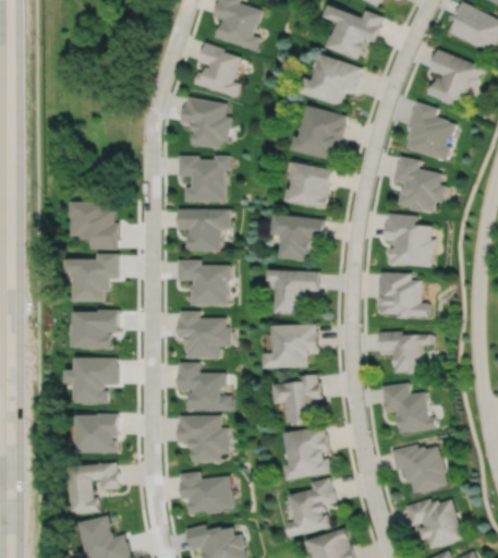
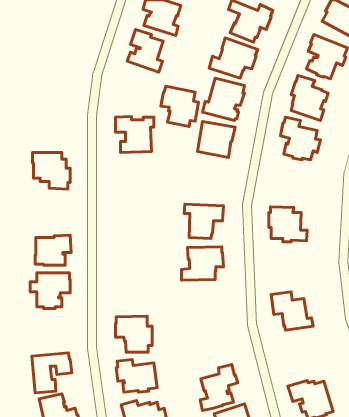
building: [181,96,230,148] -> [161,86,199,126]
building: [178,209,229,251] -> none
building: [272,214,324,260] -> none
building: [382,214,433,267] -> none
building: [65,254,119,302] -> none
building: [178,259,229,305] -> none
building: [178,312,228,357] -> none
building: [377,331,429,374] -> none
building: [178,363,230,411] -> none
building: [272,375,321,425] -> none
building: [76,414,118,453] -> none
building: [283,426,332,481] -> none
building: [389,444,445,494] -> none

